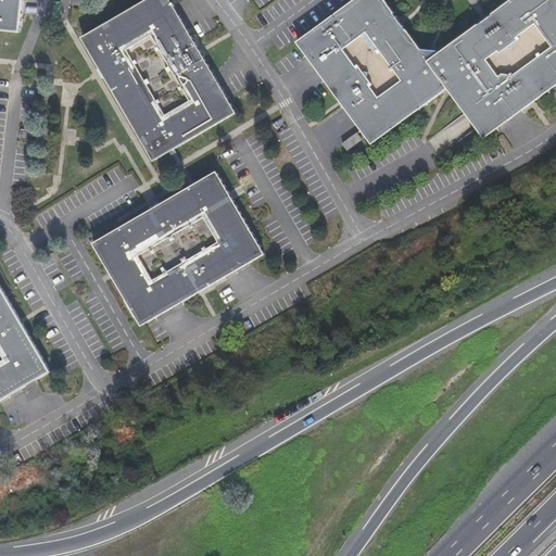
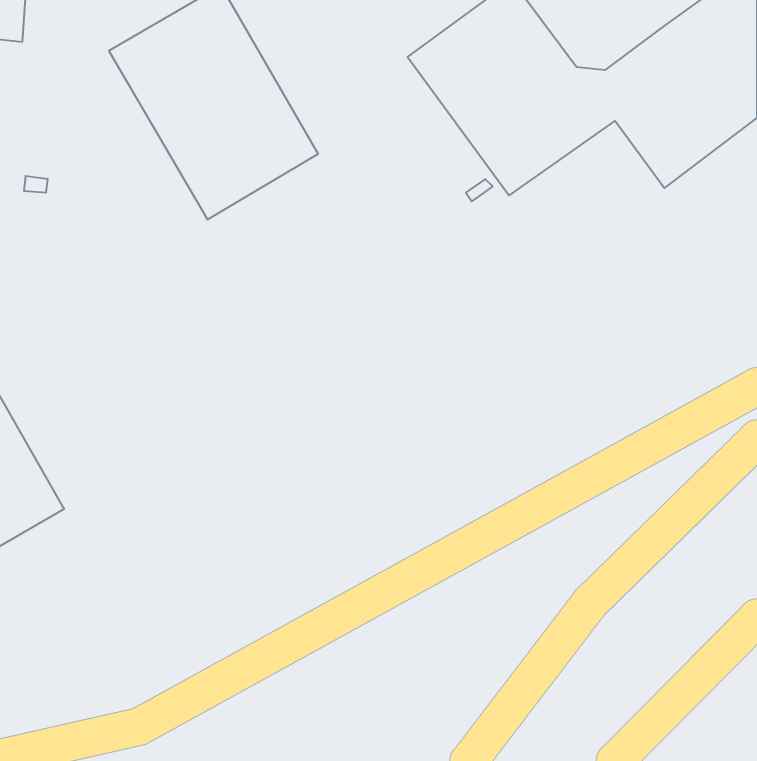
building: [92,170,261,324] -> none

